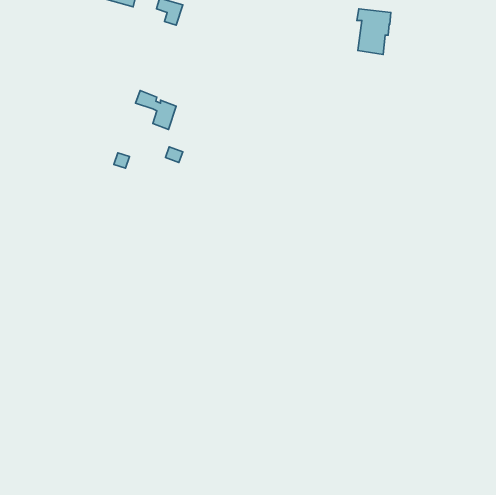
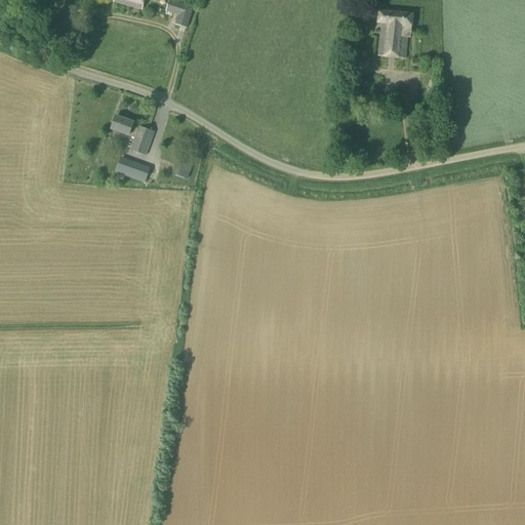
building: [135,90,176,129] -> [110,114,153,155]

